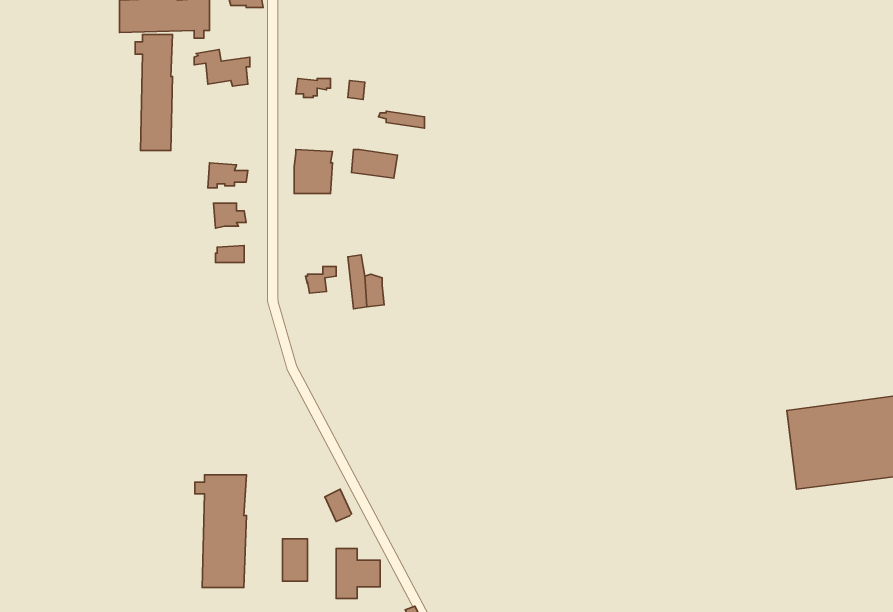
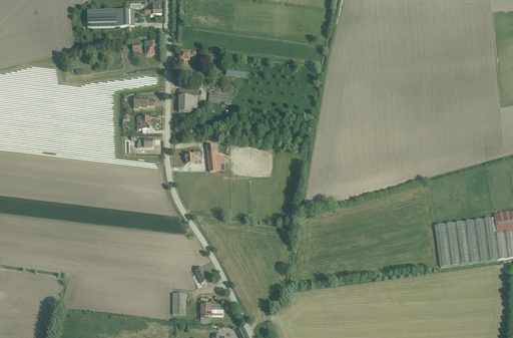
building: [135,34,173,150] -> none
building: [195,475,246,587] -> none

